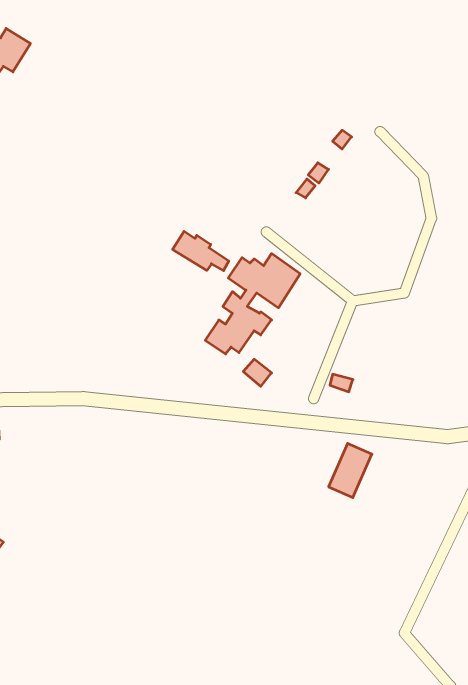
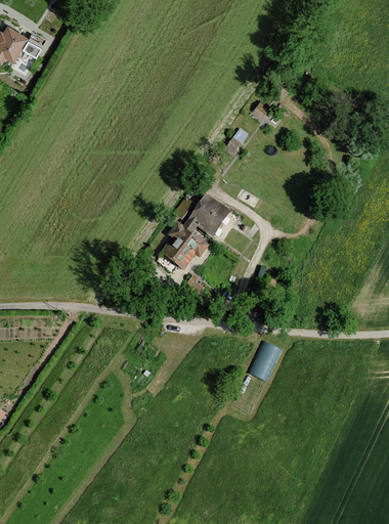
building: [173,231,229,271] -> none

